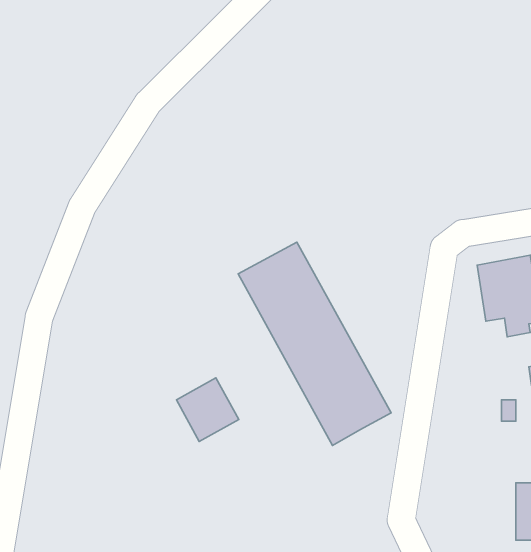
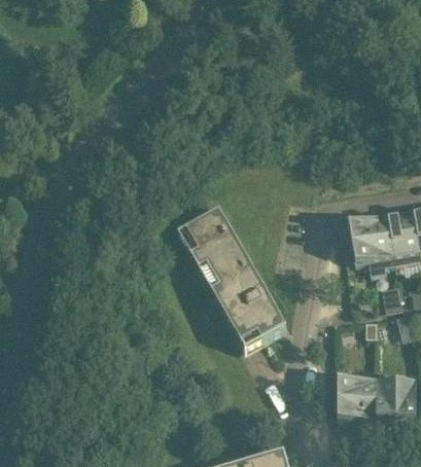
building: [176,378,239,441] -> none
building: none -> [337,378,376,419]

